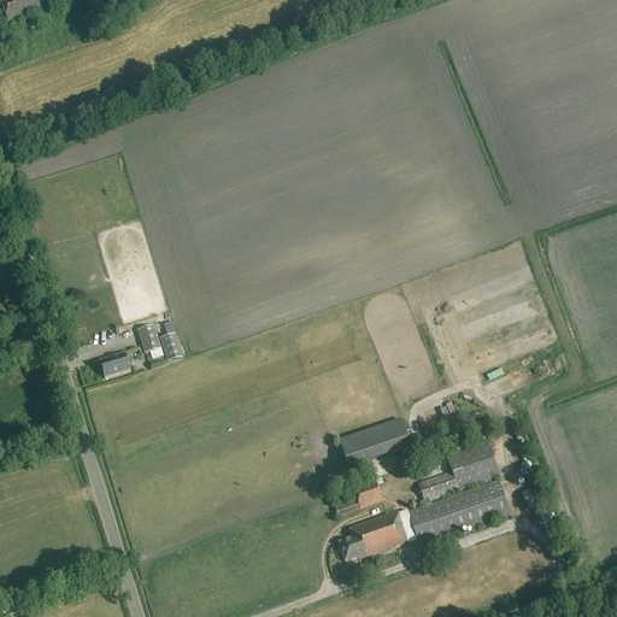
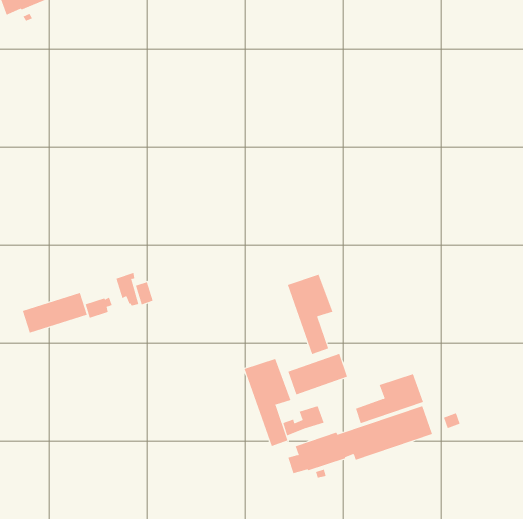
building: none -> [287,274,333,355]
building: none -> [22,292,87,334]
building: none -> [244,358,291,447]

